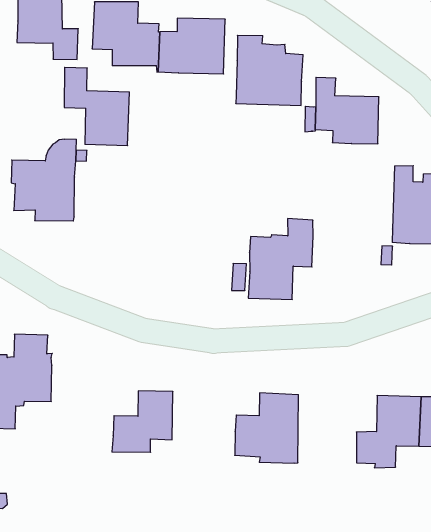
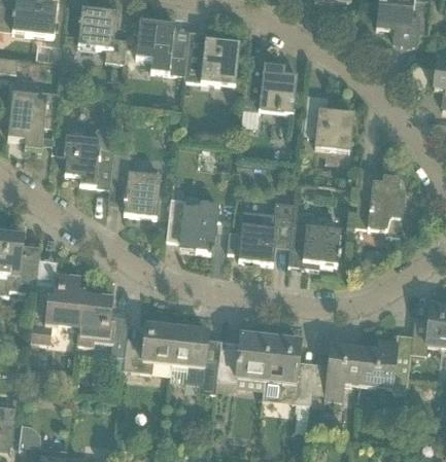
building: [64,67,129,146] -> [110,153,162,218]
building: none -> [166,198,219,252]
building: none -> [287,216,341,268]
building: none -> [77,291,129,356]
building: none -> [170,326,219,393]
building: none -> [263,337,313,432]

